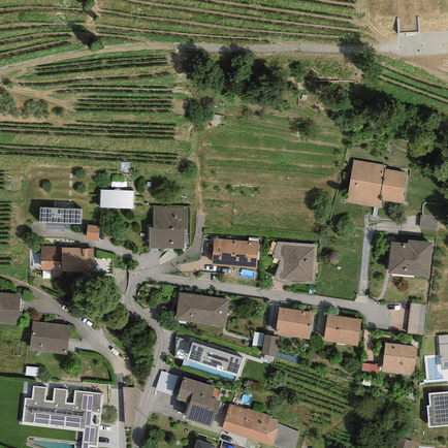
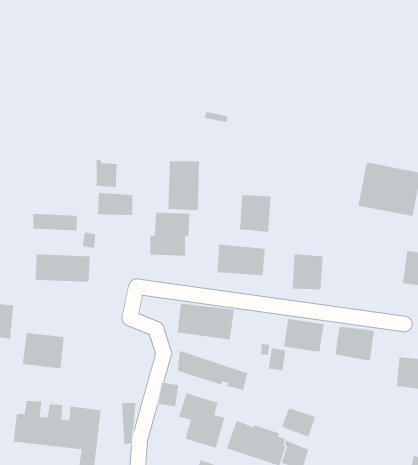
building: none -> [96,159,117,188]
building: none -> [168,161,200,211]
building: none -> [239,194,271,232]
building: none -> [281,407,316,437]

